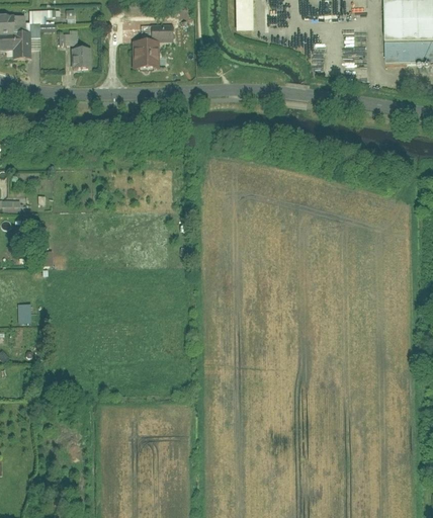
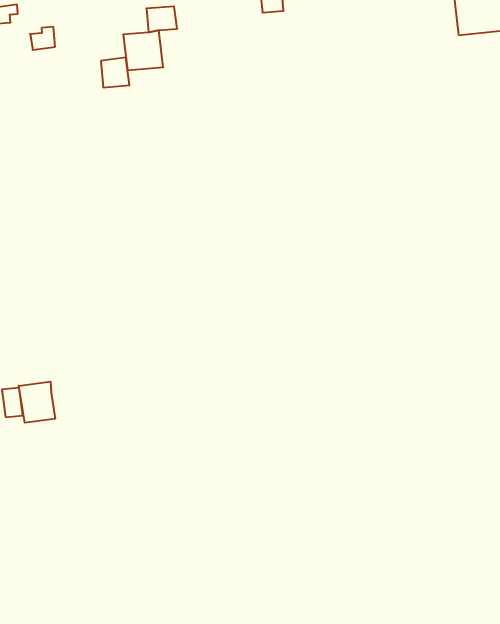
building: [71,47,91,68] -> [101,58,129,87]
building: none -> [19,382,55,423]

